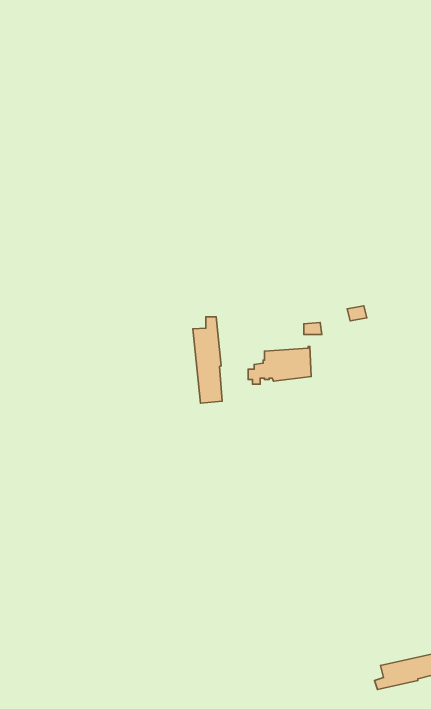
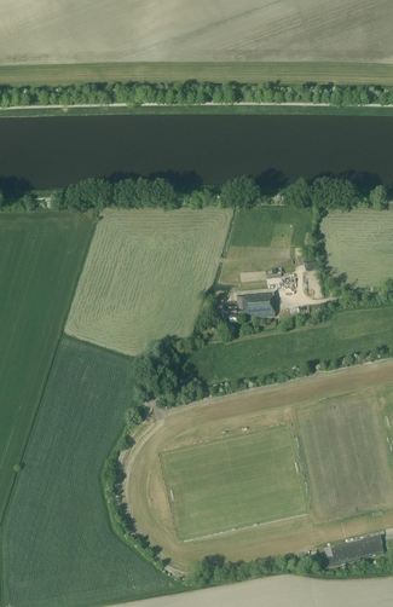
building: [193,317,222,403] -> none

